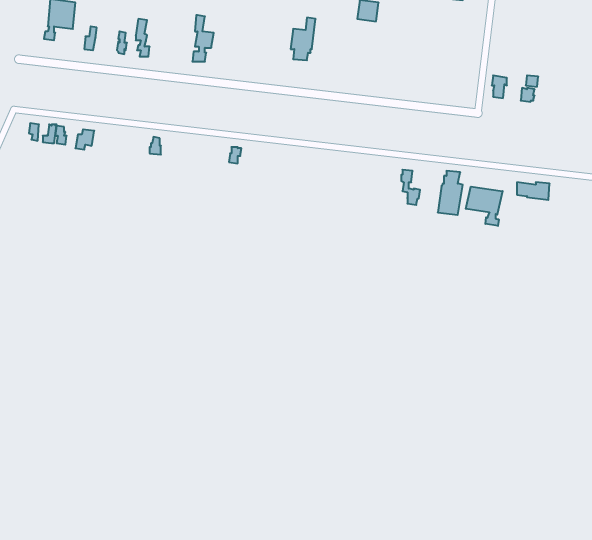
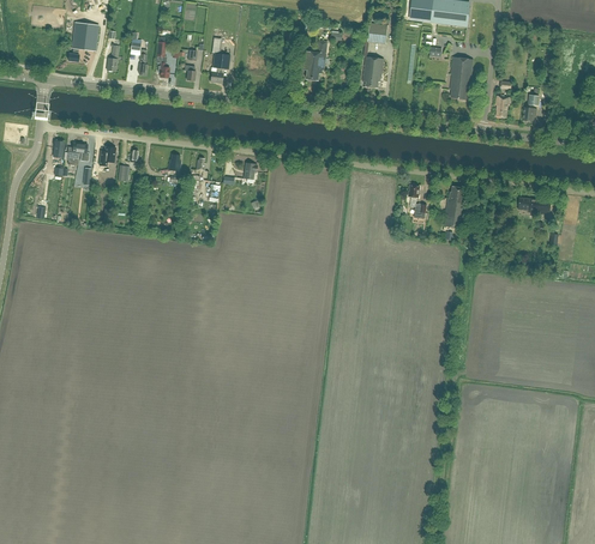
building: none -> [361,56,383,87]
building: none -> [449,56,473,98]
building: [466,187,503,226] -> none

